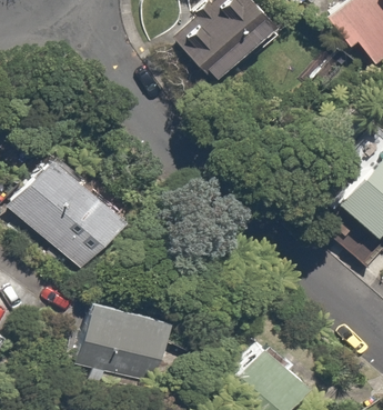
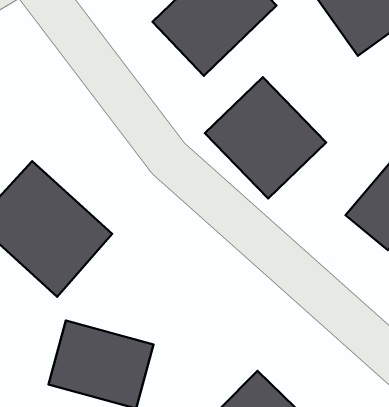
building: none -> [205,77,326,198]

